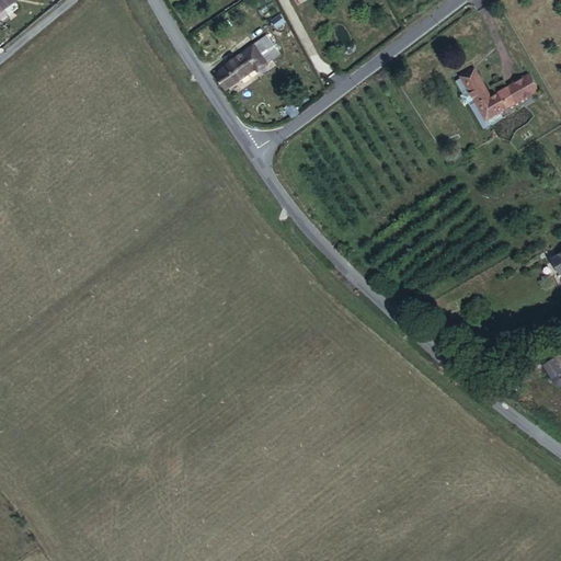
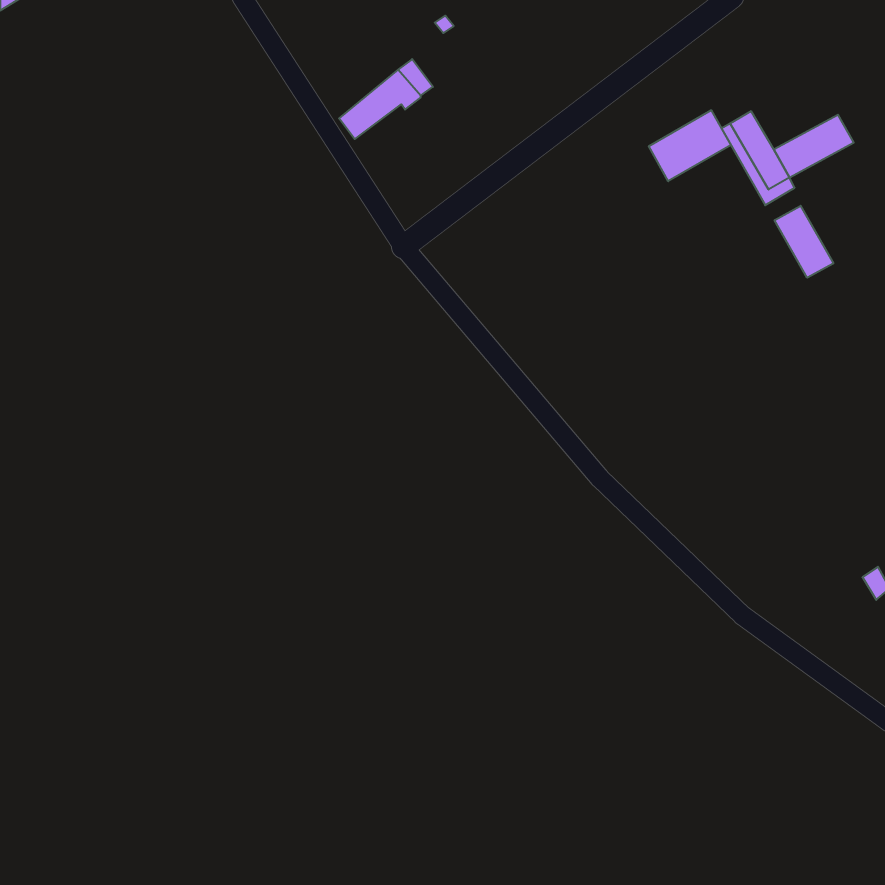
building: none -> [649,110,731,181]
building: none -> [775,206,833,278]

